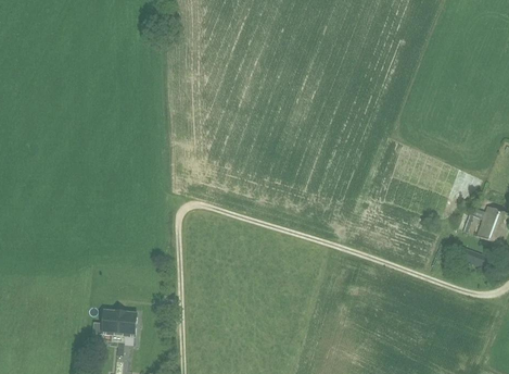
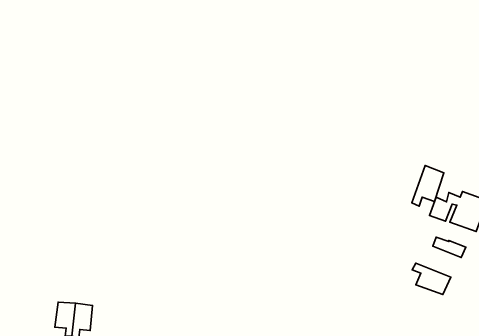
building: none -> [412,166,444,206]
building: none -> [412,263,451,295]

